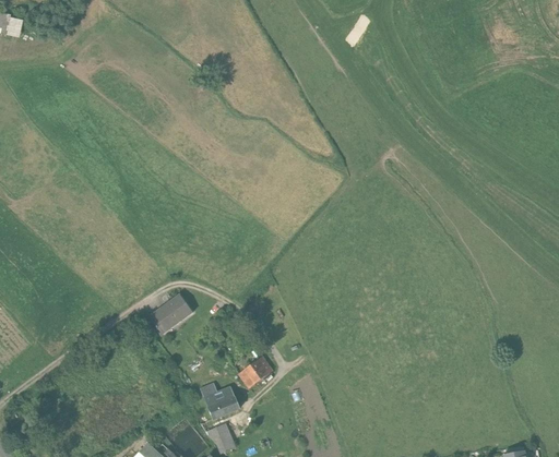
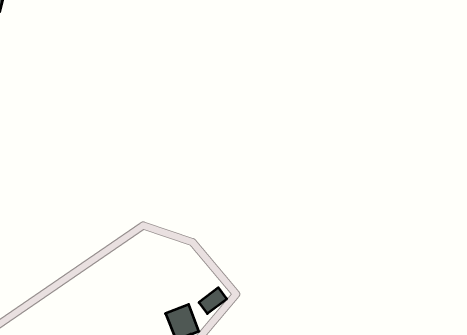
building: [150,296,193,335] -> none

